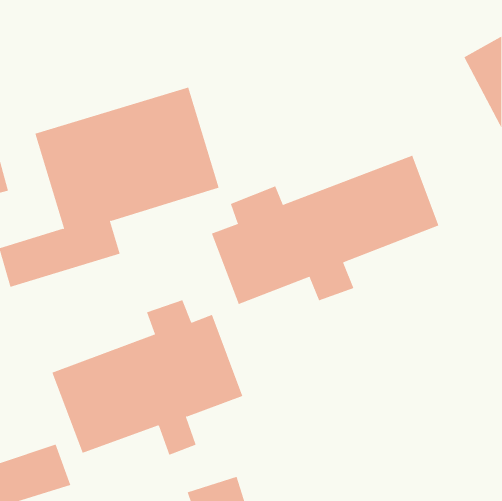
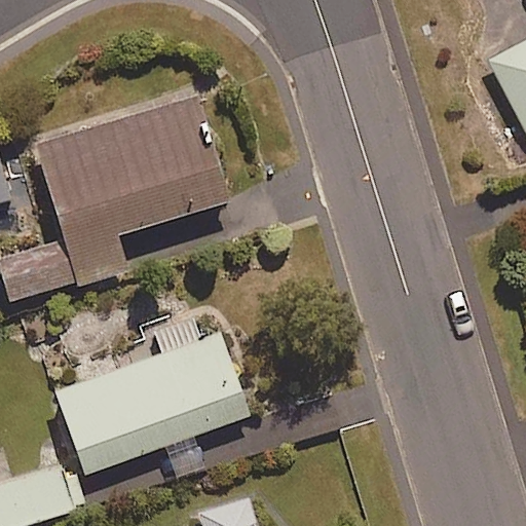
building: [211,155,439,305] -> none

